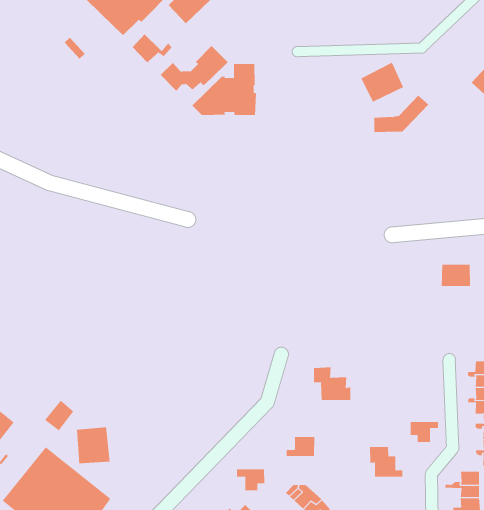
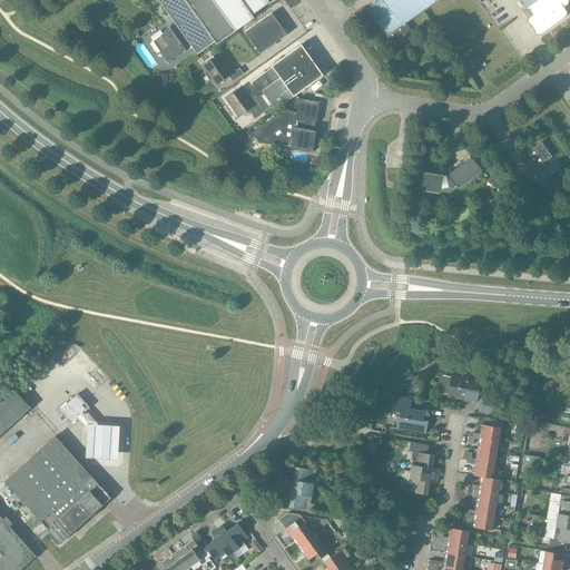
building: none -> [250,45,323,99]
building: none -> [153,26,190,63]
building: [361,62,404,102] -> none
building: [441,264,471,286] -> [448,375,480,401]
building: [313,367,351,401] -> [389,396,428,434]
building: [369,447,403,477] -> [407,442,439,476]
building: [236,469,265,491] -> [284,485,313,511]

